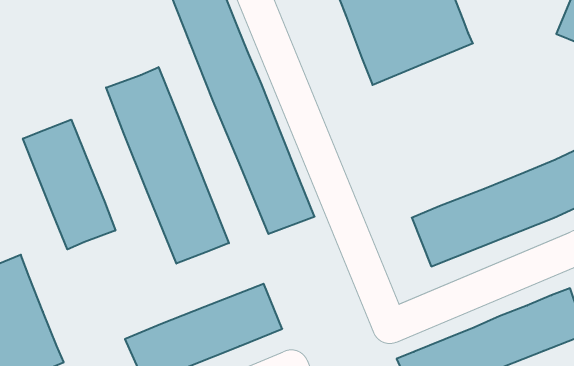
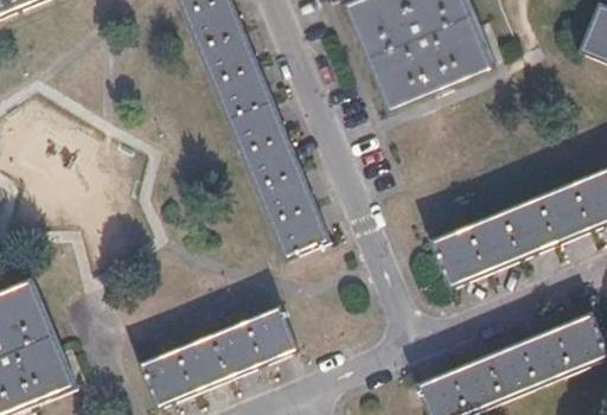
building: [106,67,229,264] -> none
building: [23,120,115,249] -> none

